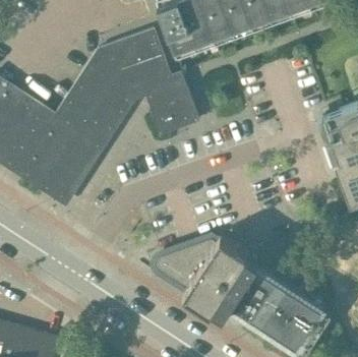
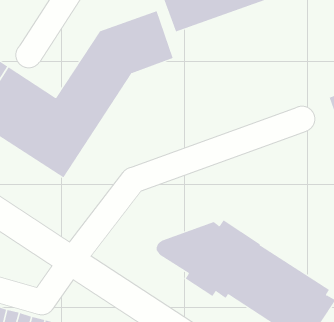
building: [148,90,199,136] -> none

